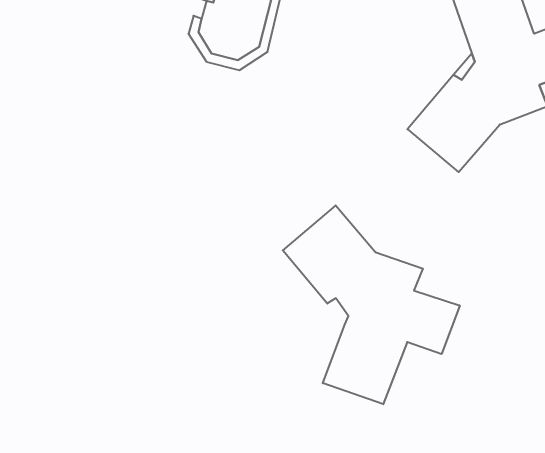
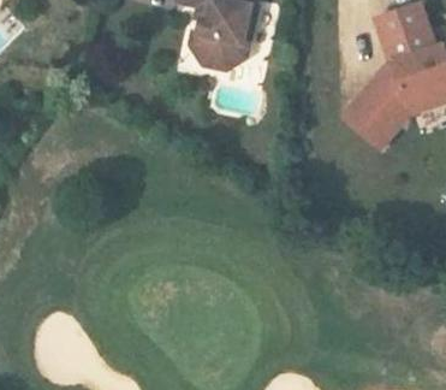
building: [283,205,460,404] -> none

